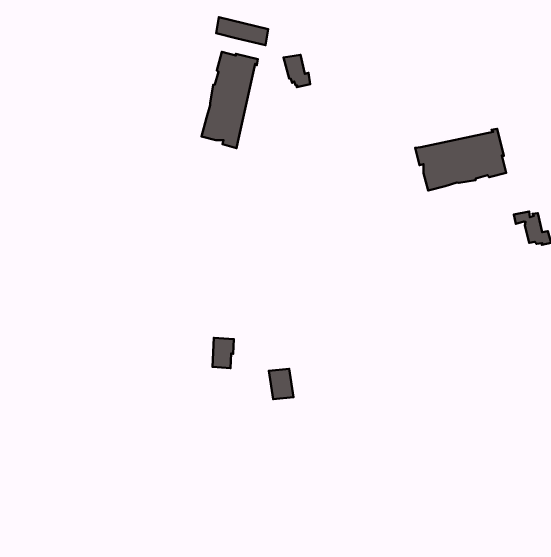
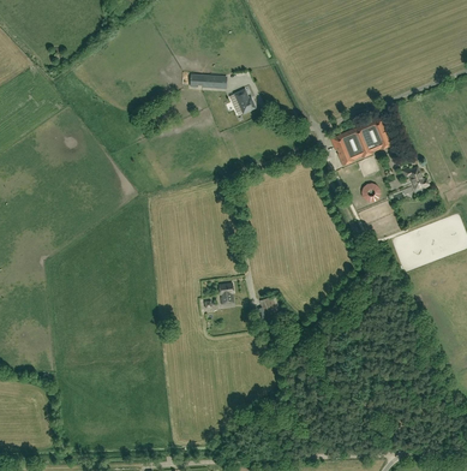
building: [202,52,258,148] -> none

